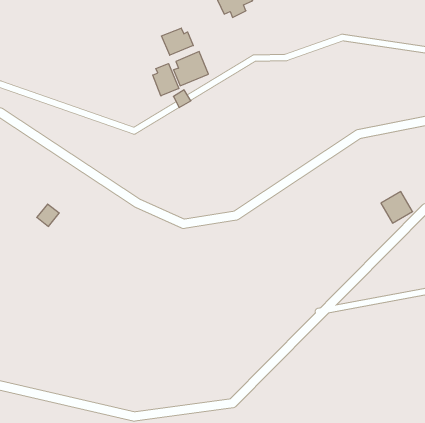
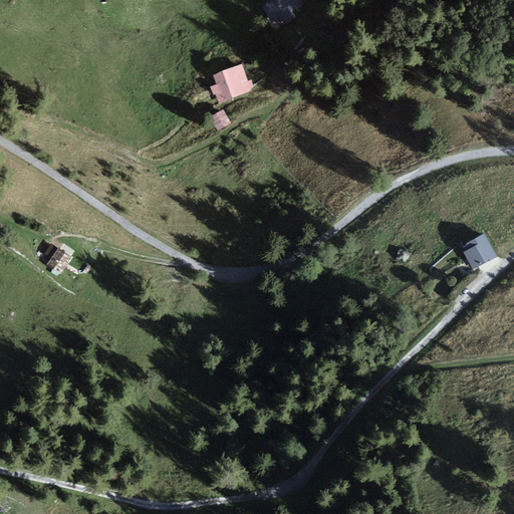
building: [162,28,193,55] -> none
building: [153,64,179,96] -> none

